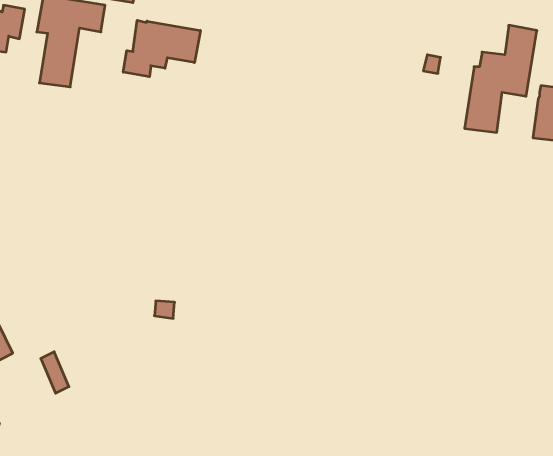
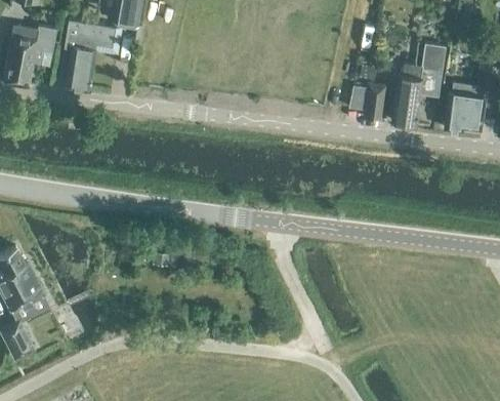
building: [123,20,200,77] -> none
building: none -> [364,84,386,120]

